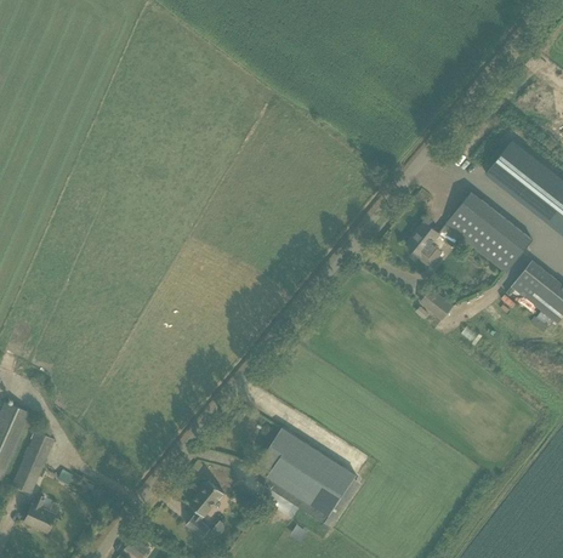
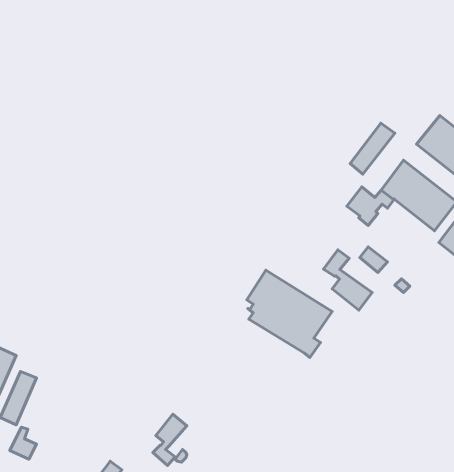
building: none -> [350,123,395,174]
building: none -> [323,250,372,310]
building: [260,428,357,528] -> [247,270,332,357]

